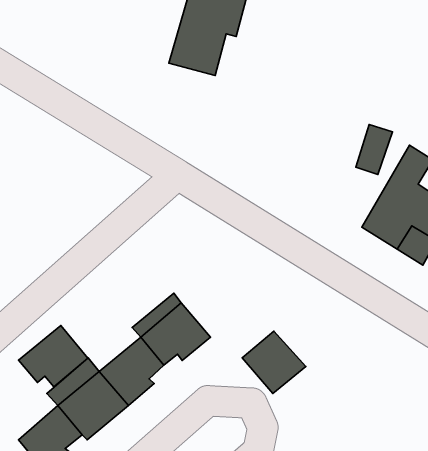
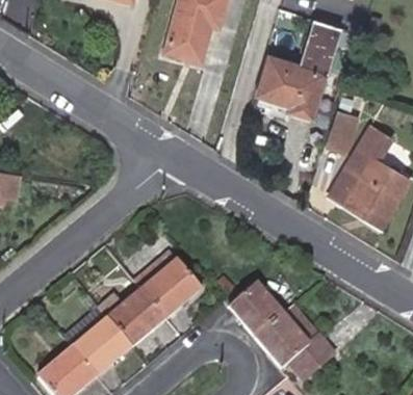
building: none -> [259,23,336,114]
building: [18,325,88,387] -> none
building: none -> [254,305,332,377]

